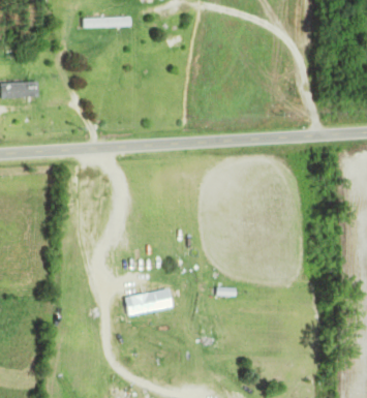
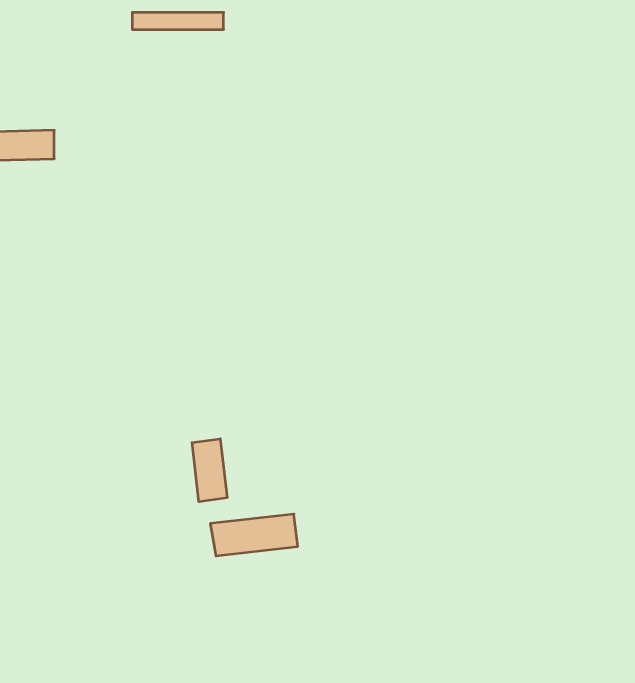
building: none -> [192,439,227,502]

